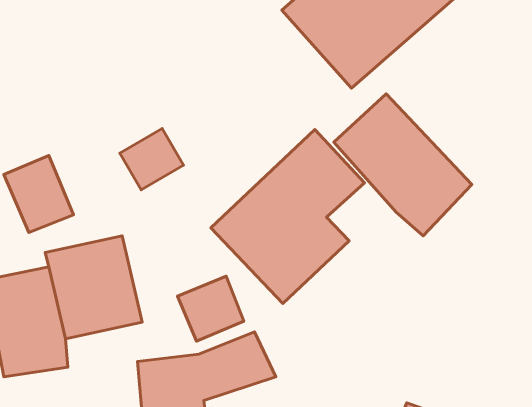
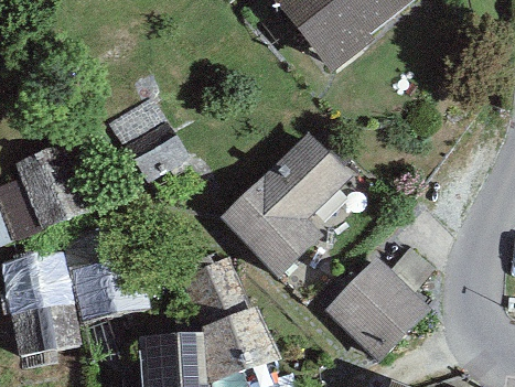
building: [334,94,472,236] -> none
building: none -> [321,250,433,363]

